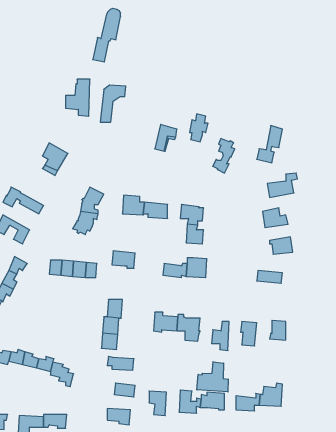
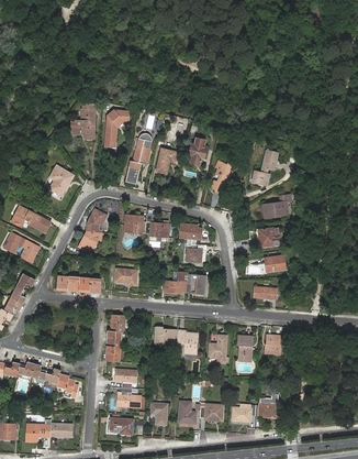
building: [93,8,121,62] -> [125,133,152,184]
building: [197,362,228,392] -> none

